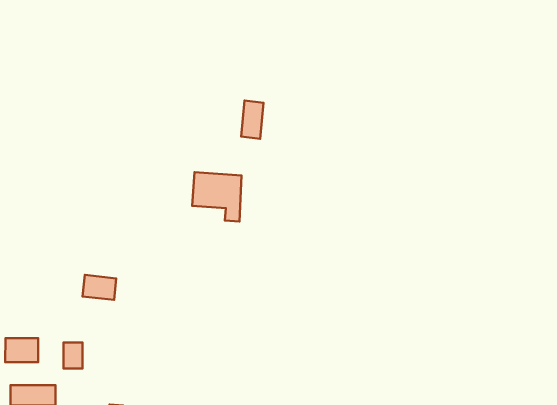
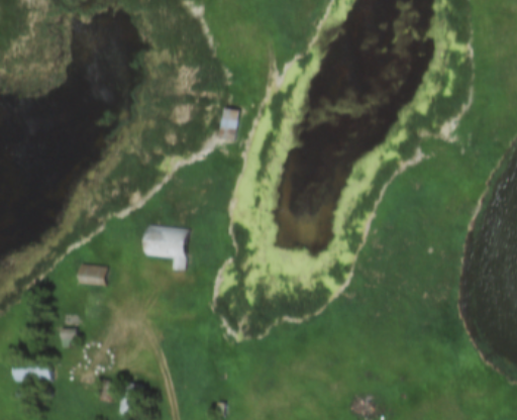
building: [192,172,242,222] -> [142,225,187,270]
building: [5,338,38,362] -> none

